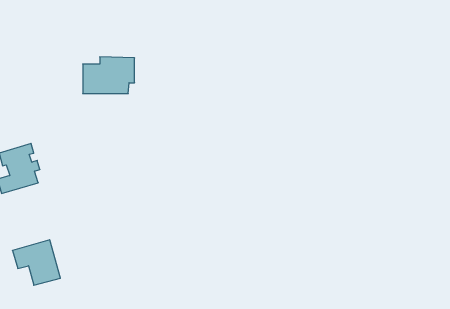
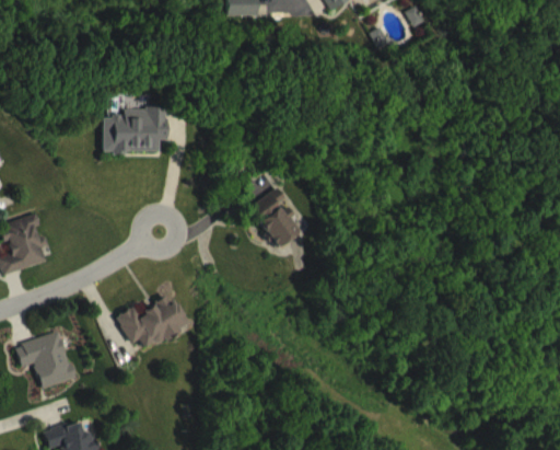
building: none -> [249,188,302,247]
building: none -> [115,297,189,350]

